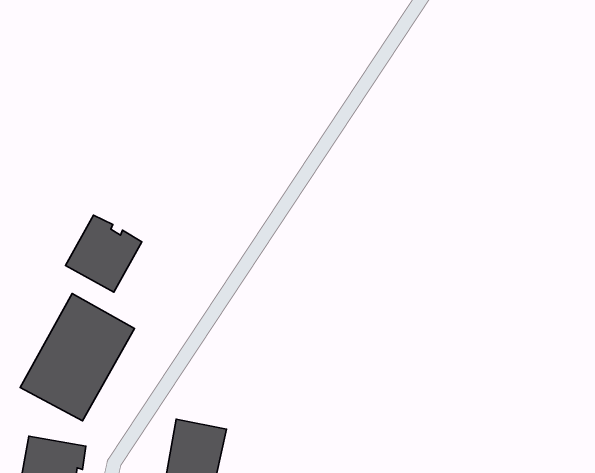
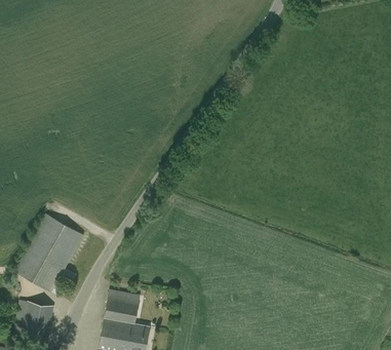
building: [66,215,142,292] -> none

